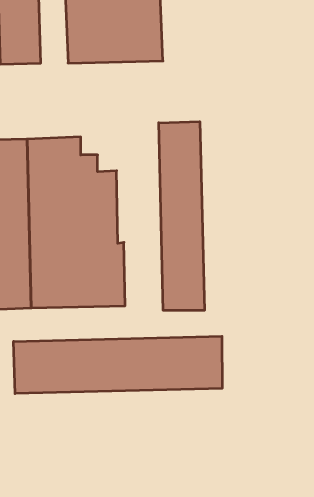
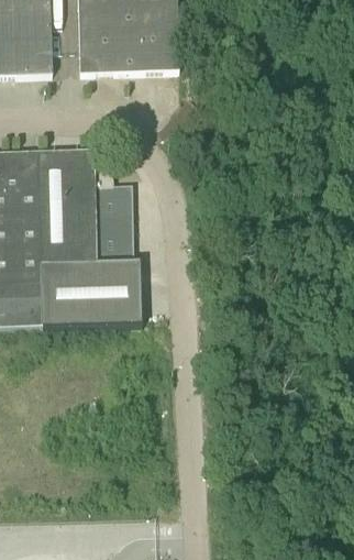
building: [159,122,204,310] -> none
building: [14,336,222,394] -> none

